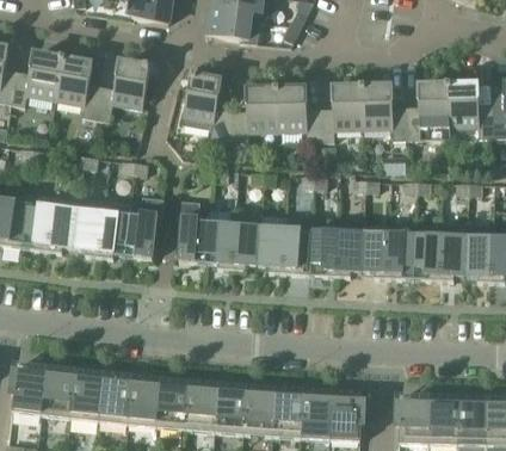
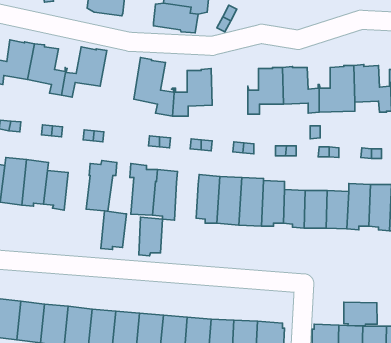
building: [276,87,320,142] -> none
building: [99,212,130,259] -> [101,211,126,250]
building: [232,224,260,271] -> [139,217,162,256]
building: none -> [344,302,377,326]

